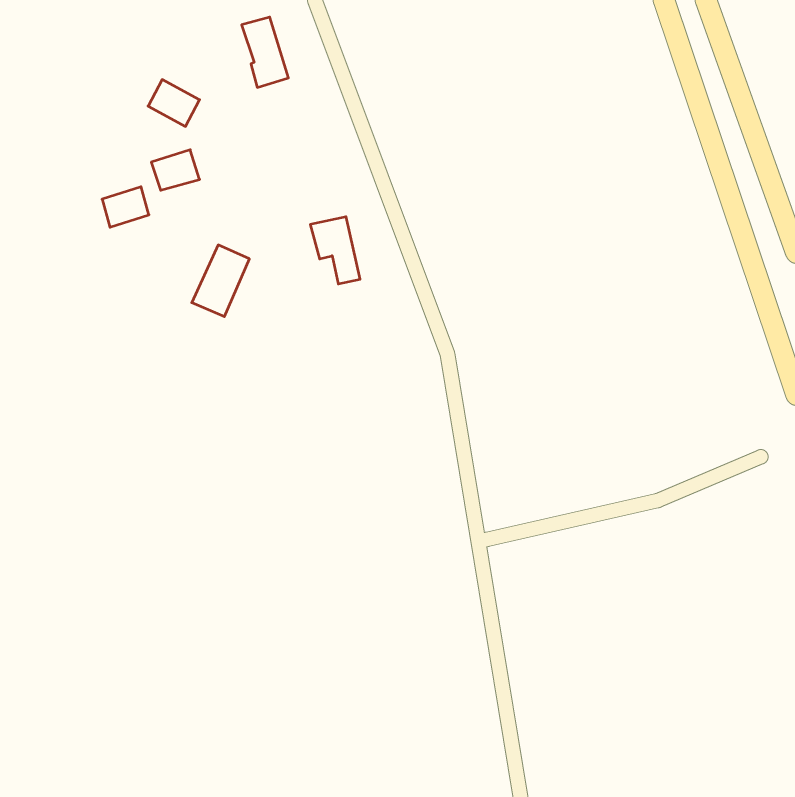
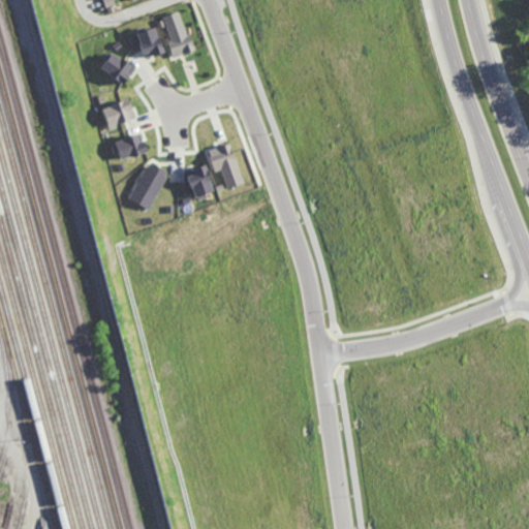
building: none -> [134,27,162,60]
building: [102,187,149,227] -> [114,133,145,160]
building: none -> [184,165,212,197]

